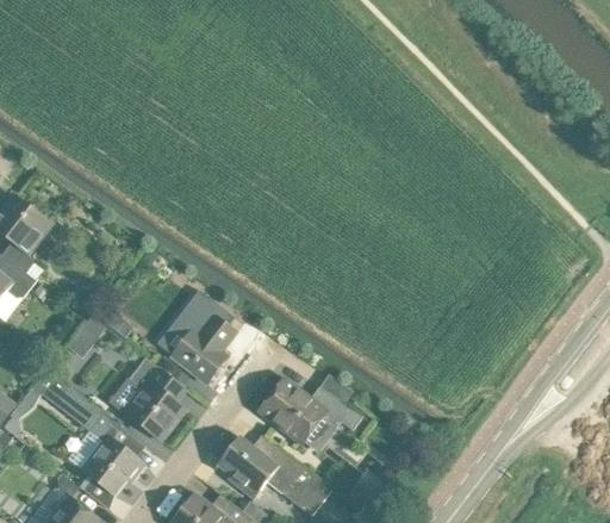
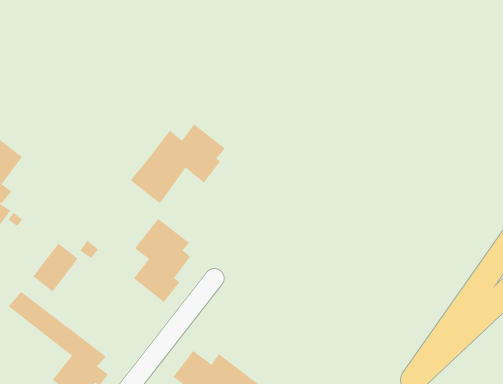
building: none -> [130,124,226,204]
building: [125,359,187,442] -> none
building: [259,379,361,446] -> none

